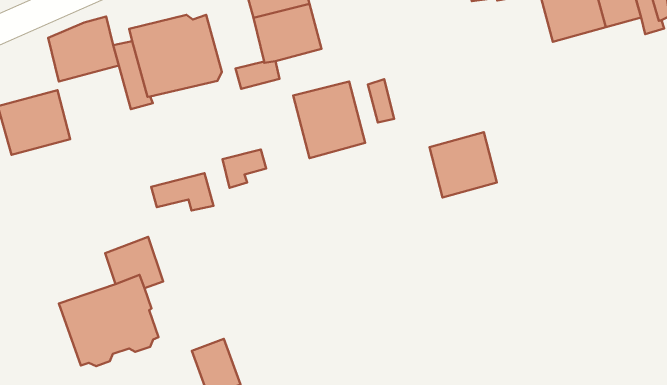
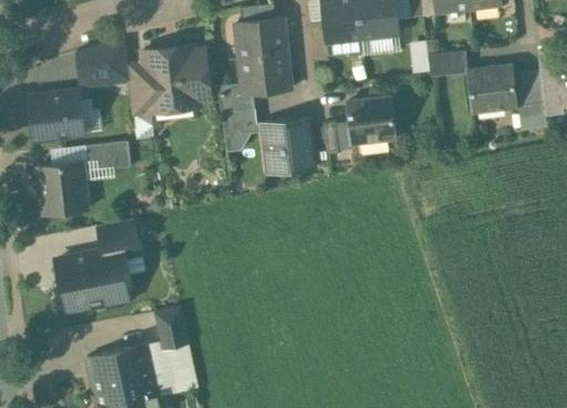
building: [430,132,497,198] -> [347,98,395,144]
building: [223,149,266,188] -> [223,110,256,136]
building: [151,173,213,210] -> [85,142,132,170]
building: none -> [39,162,86,215]

